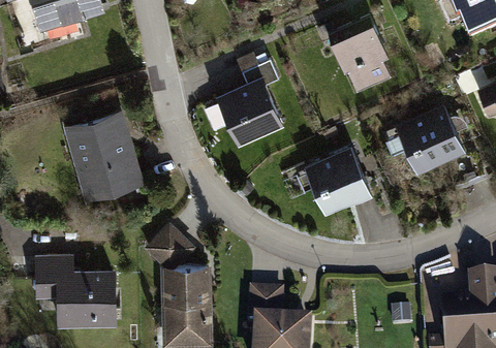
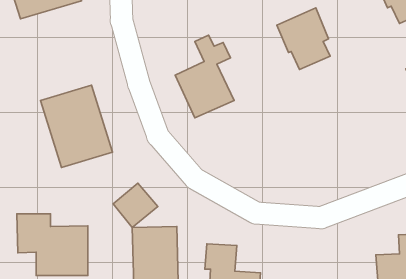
building: [397,103,465,172] -> none
building: [304,147,372,215] -> none

